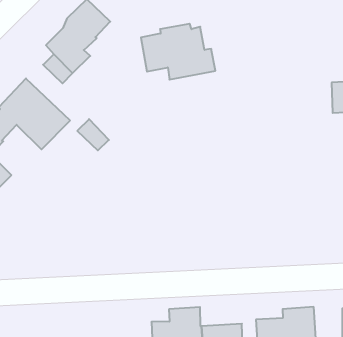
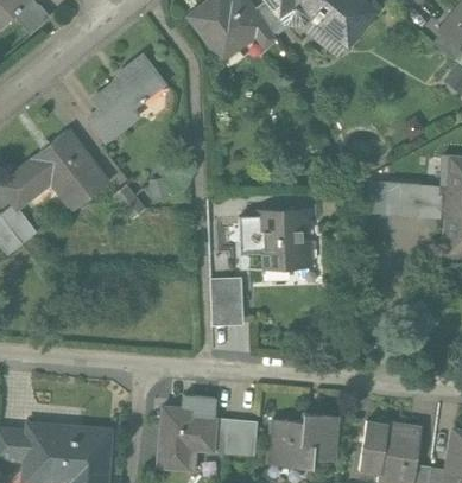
building: [141,24,215,80] -> [240,211,314,267]
building: none -> [211,282,243,322]

